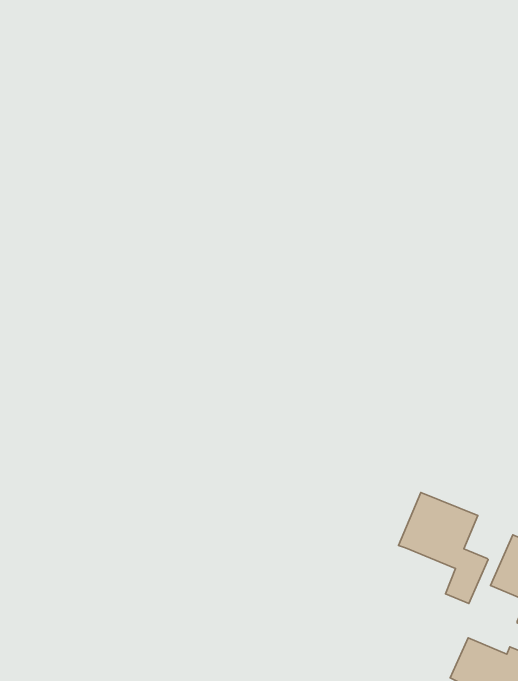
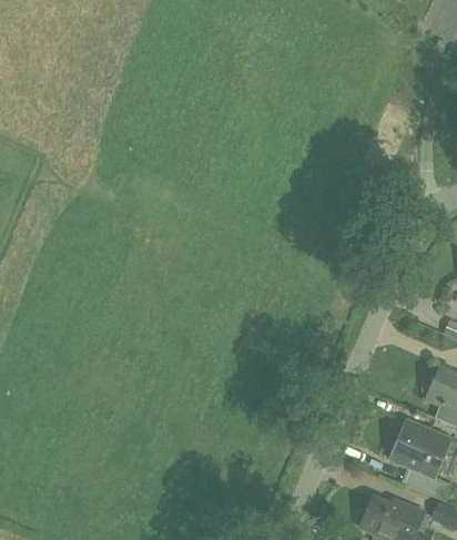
building: [399,492,488,604] -> none

